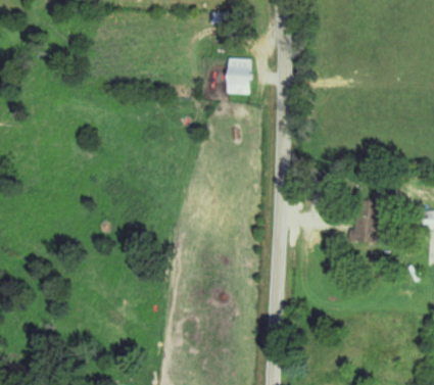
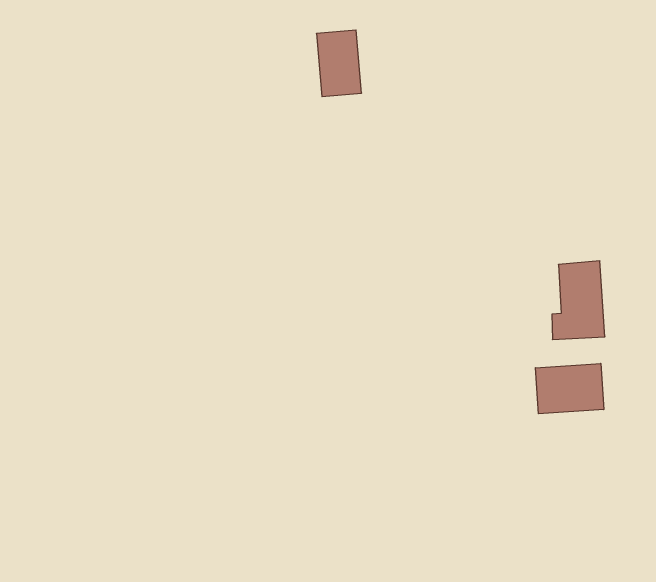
building: none -> [535,363,604,414]

